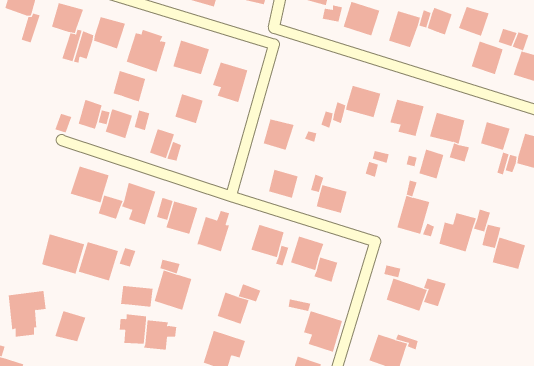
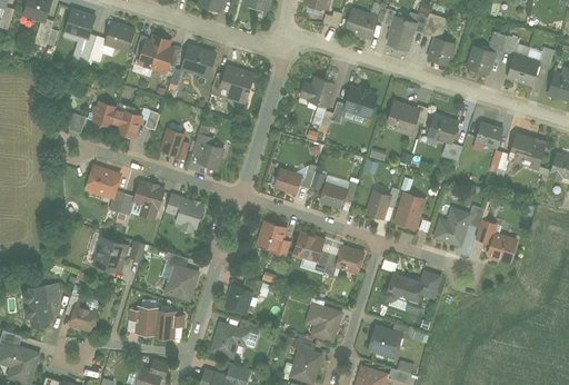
building: [458,6,490,36] -> [426,37,456,66]
building: [113,70,146,102] -> none
building: [174,94,204,124] -> [196,141,223,170]
building: [263,119,294,150] -> [306,77,336,107]
building: [418,149,444,179] -> [366,190,390,219]
building: [197,210,230,252] -> none
building: [41,233,85,275] -> none
building: none -> [335,245,365,274]
building: [121,285,153,307] -> none

